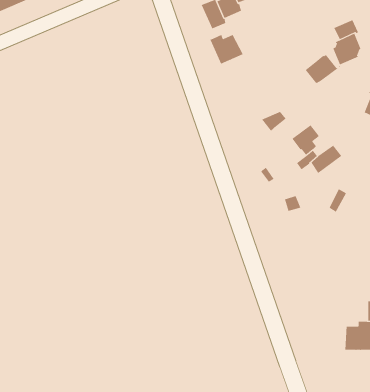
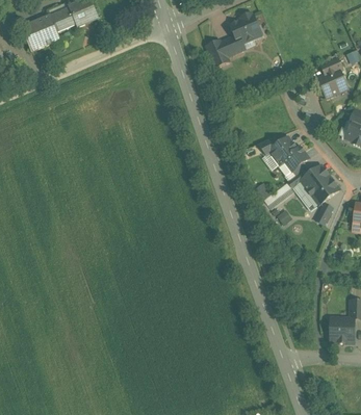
building: [210,34,243,65] -> none
building: [305,54,341,85] -> [269,137,301,163]
building: none -> [307,175,338,205]

